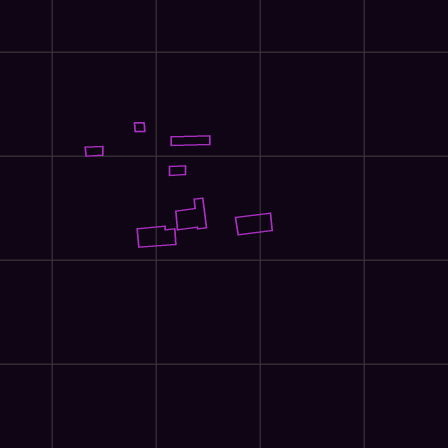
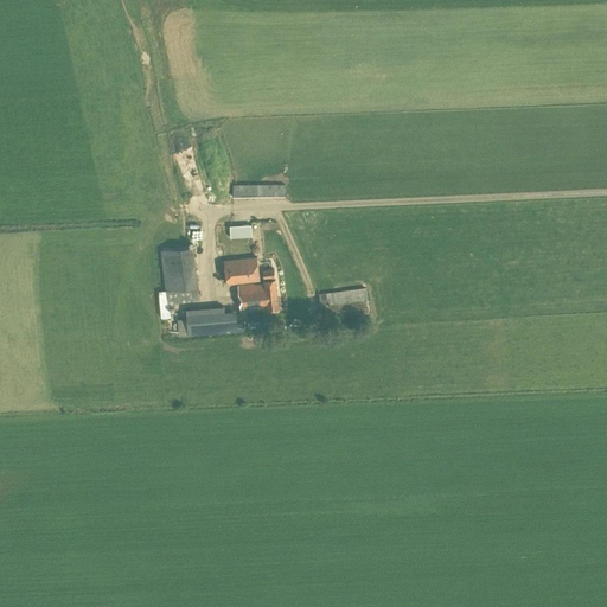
building: none -> [159,245,198,304]
building: none -> [222,256,258,285]

